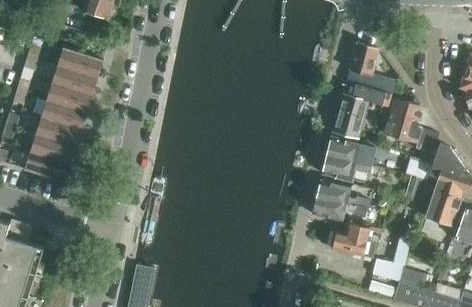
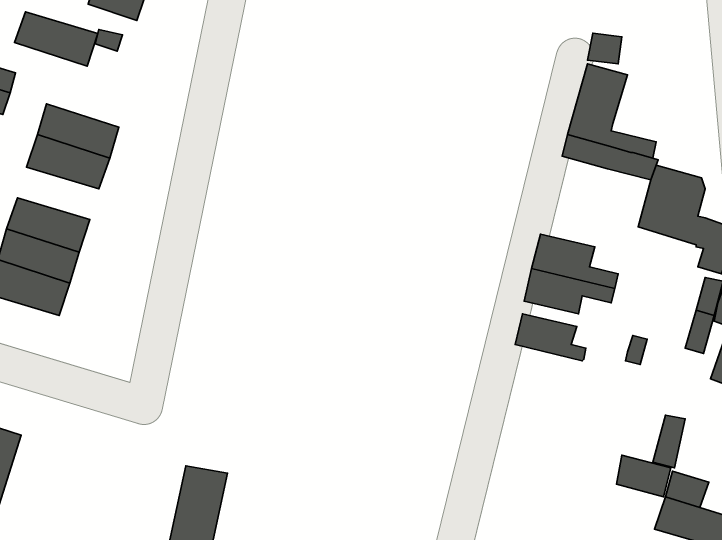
building: [57,47,103,77] -> [15,12,98,66]
building: [331,93,367,138] -> none
building: [41,99,86,128] -> none
building: [312,197,366,221] -> none
building: [330,222,375,258] -> none

